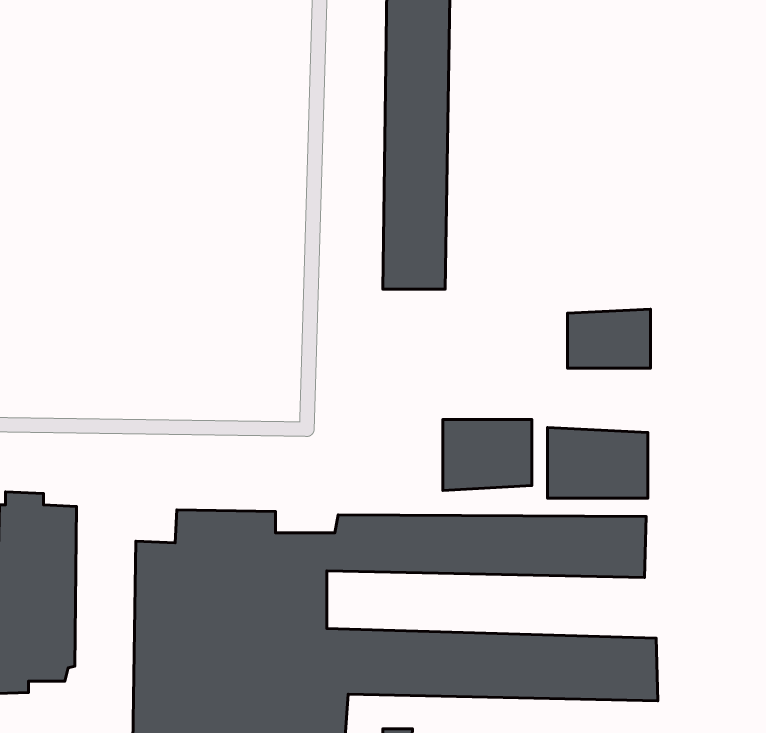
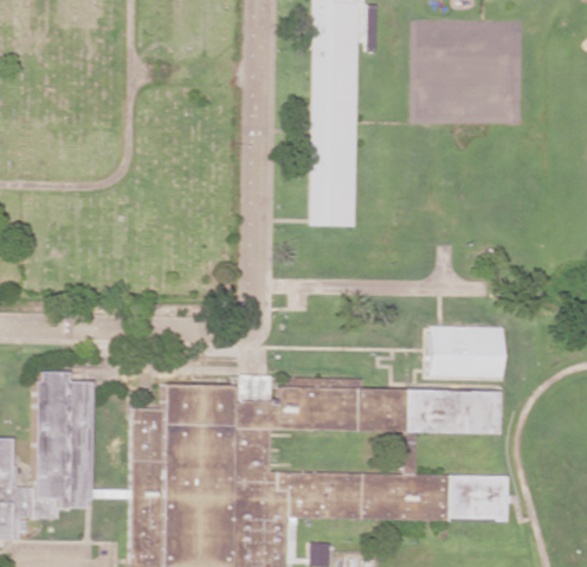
building: [567,309,650,368] -> none
building: [443,420,532,490] -> none

